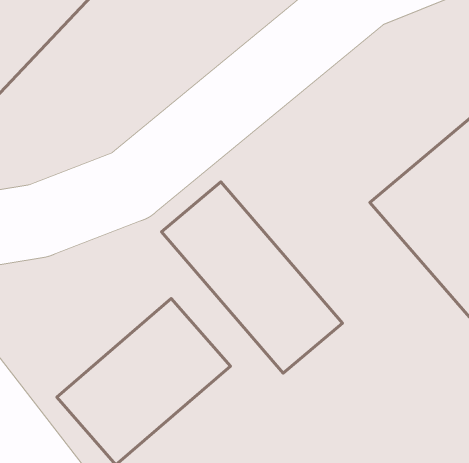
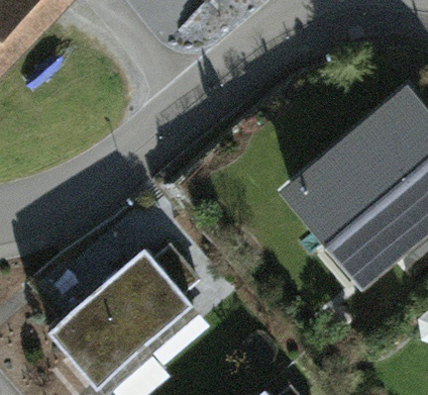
building: [161,182,343,373] -> none

